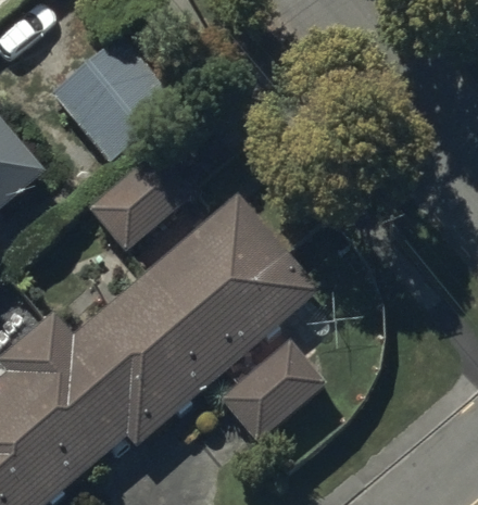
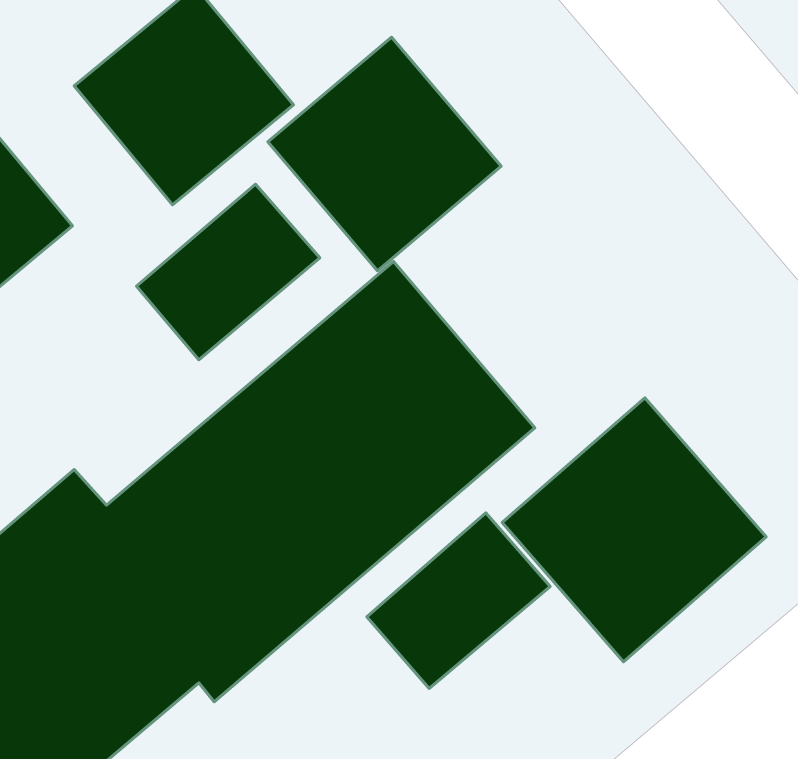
building: none -> [268,37,501,271]
building: none -> [502,398,766,662]

